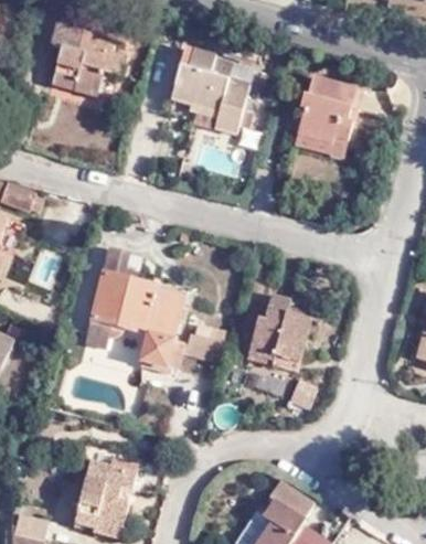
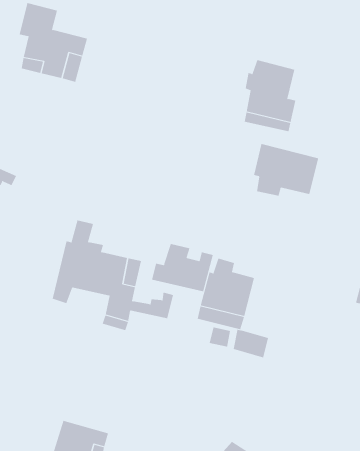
building: [168,51,245,130] -> none
building: none -> [254,143,319,197]
building: none -> [151,243,213,292]

